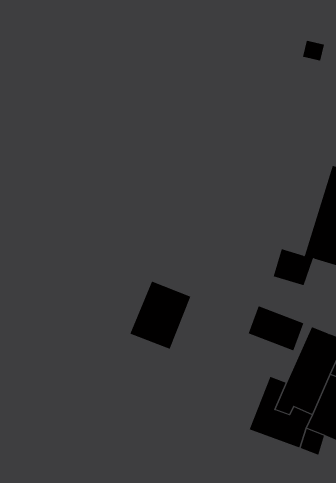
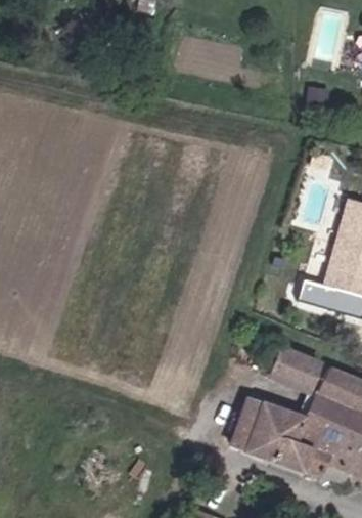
building: [130,281,191,349] -> [228,392,288,460]

